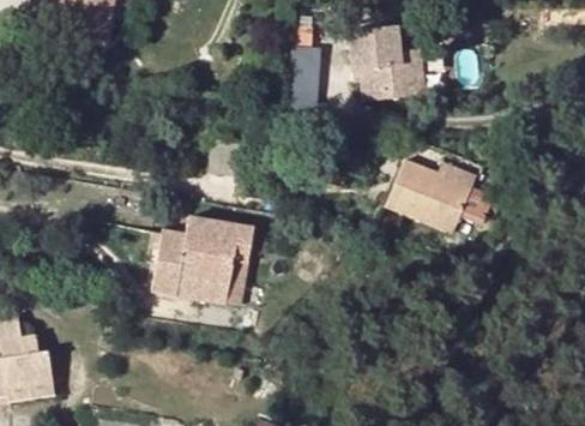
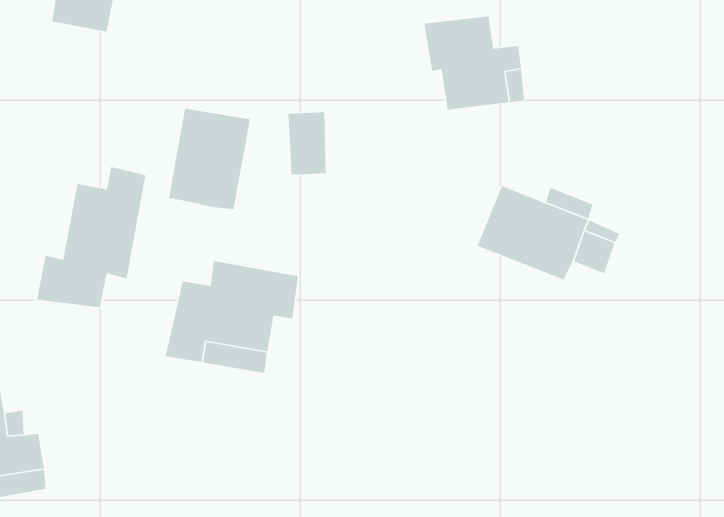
building: [290,41,320,90] -> [288,111,327,175]
building: none -> [168,108,251,210]
building: none -> [36,166,146,308]

